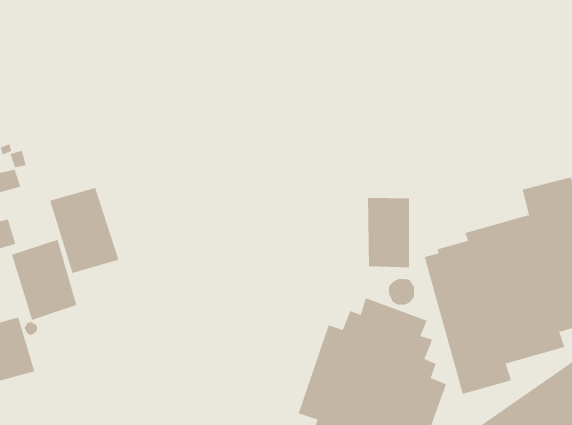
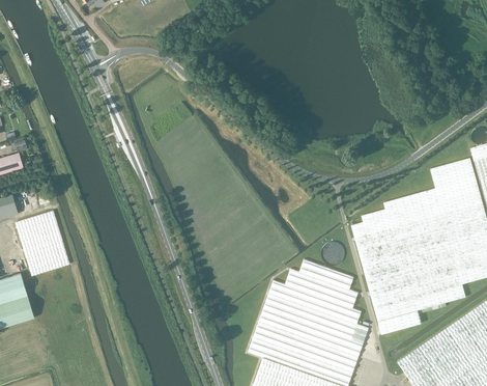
building: [50,187,119,274] -> none
building: [368,197,410,268] -> none

